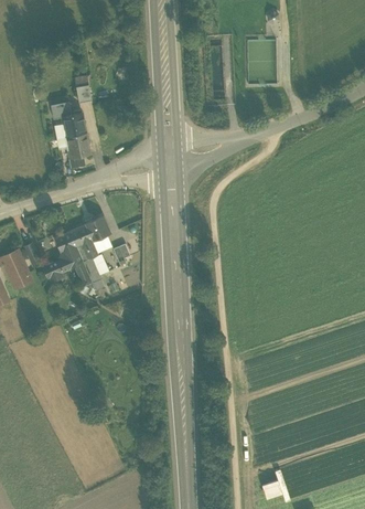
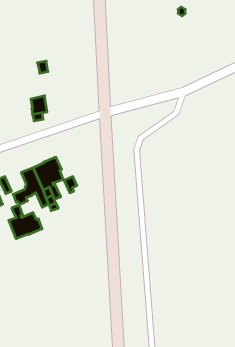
building: [51,102,86,137] -> none
building: none -> [9,205,42,239]

